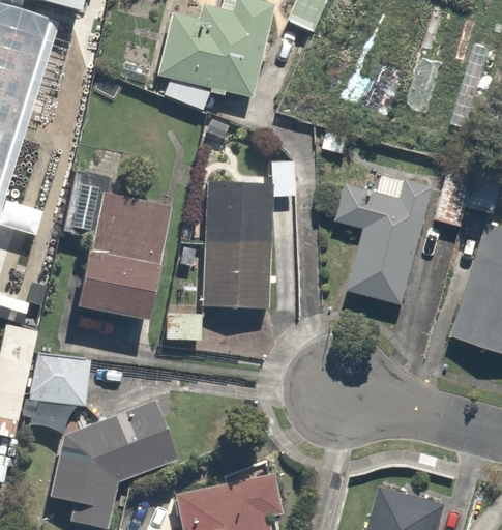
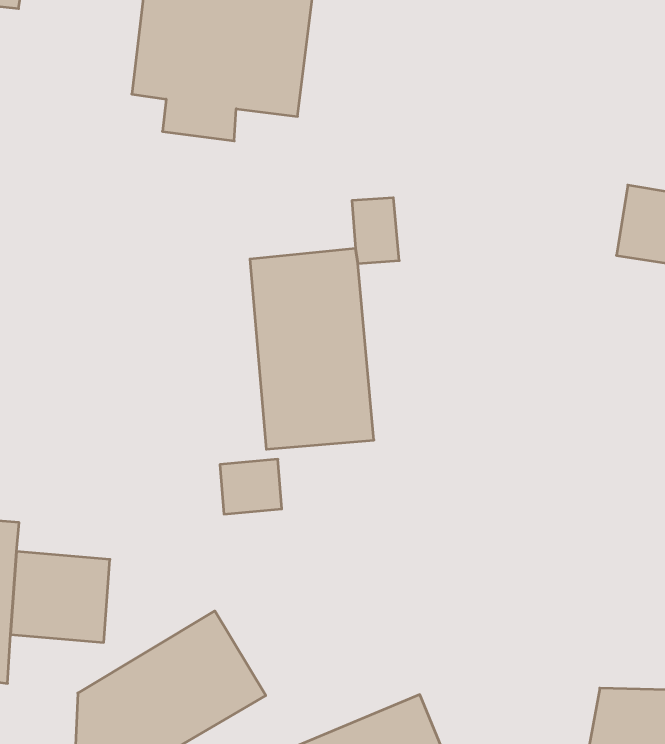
building: [61,167,172,327] -> none
building: [332,172,434,305] -> none

